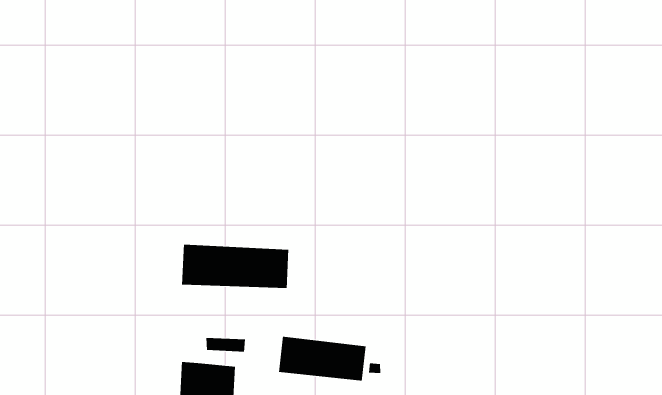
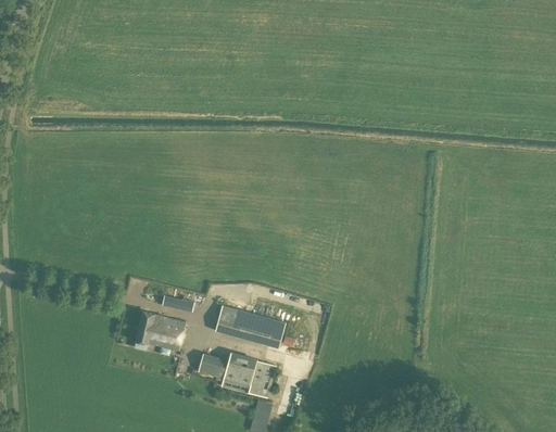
building: [182,244,289,289] -> none

